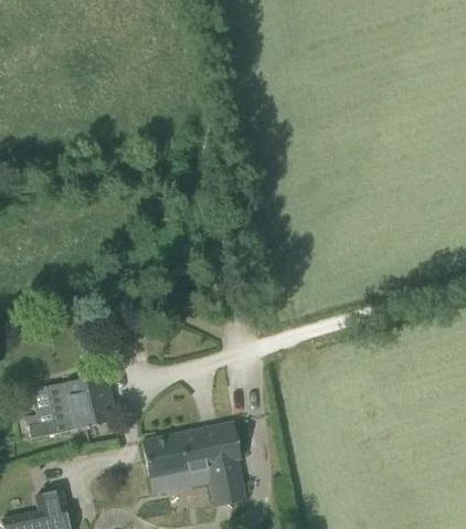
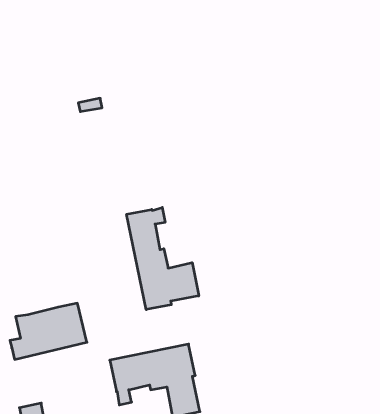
building: none -> [127,207,199,310]

